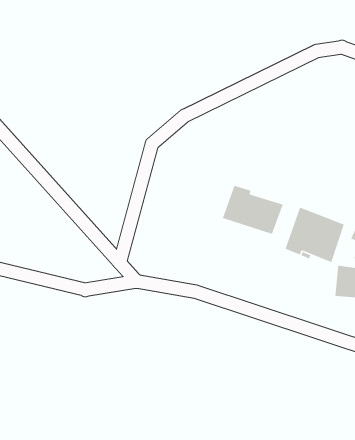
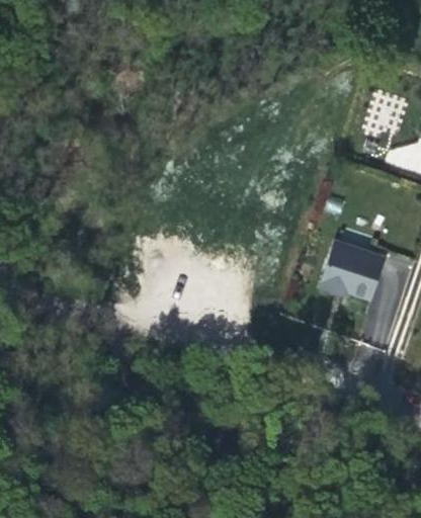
building: [222,185,284,235] -> none

